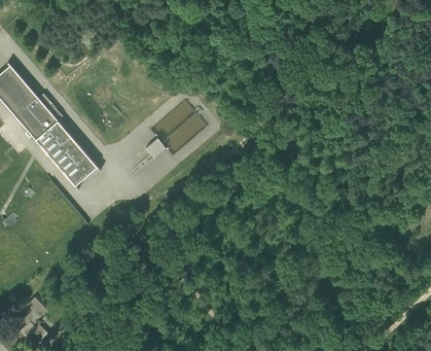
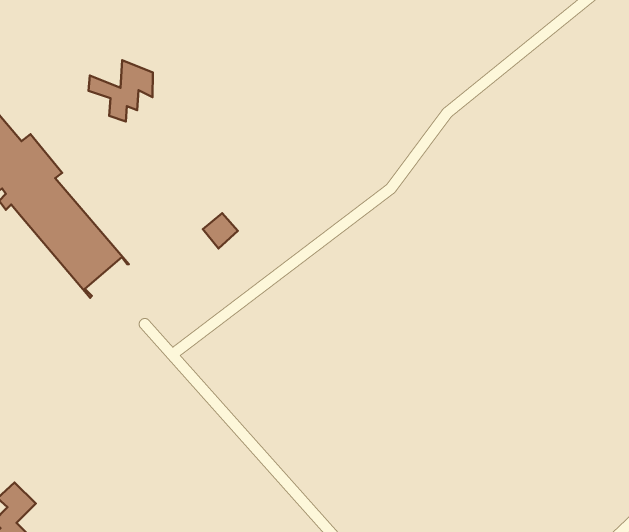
building: none -> [89,60,153,121]

